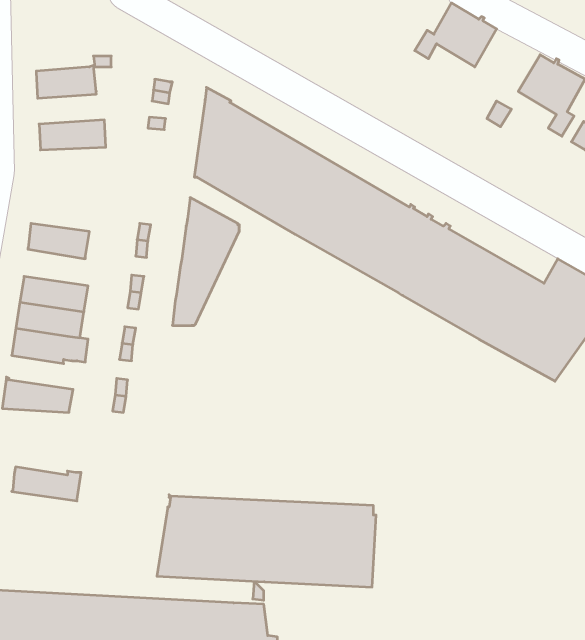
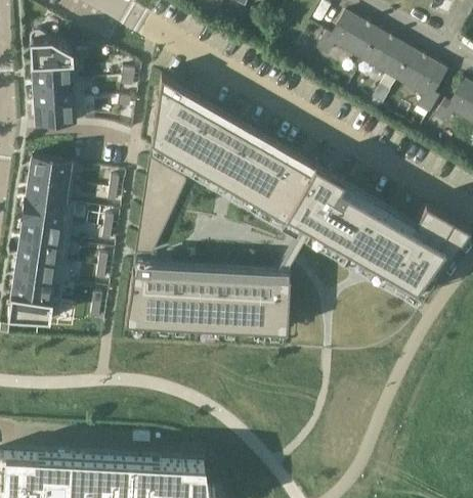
building: none -> [30,33,73,65]
building: none -> [362,33,412,80]
building: none -> [34,80,84,104]
building: none -> [29,159,76,185]
building: none -> [22,197,75,226]
building: [12,467,81,501] -> [11,278,63,304]
building: [157,495,376,587] -> [125,263,290,332]

